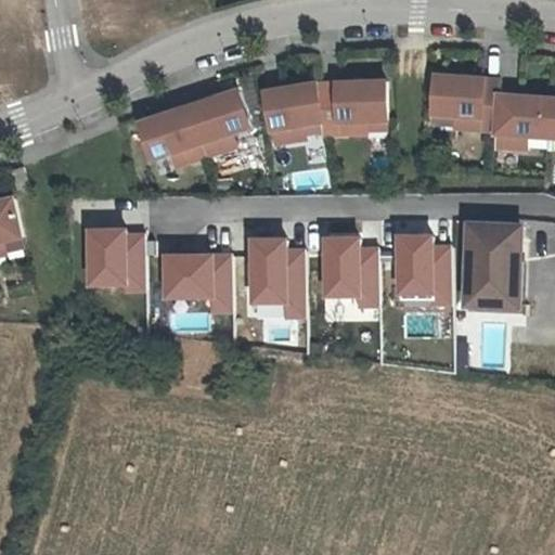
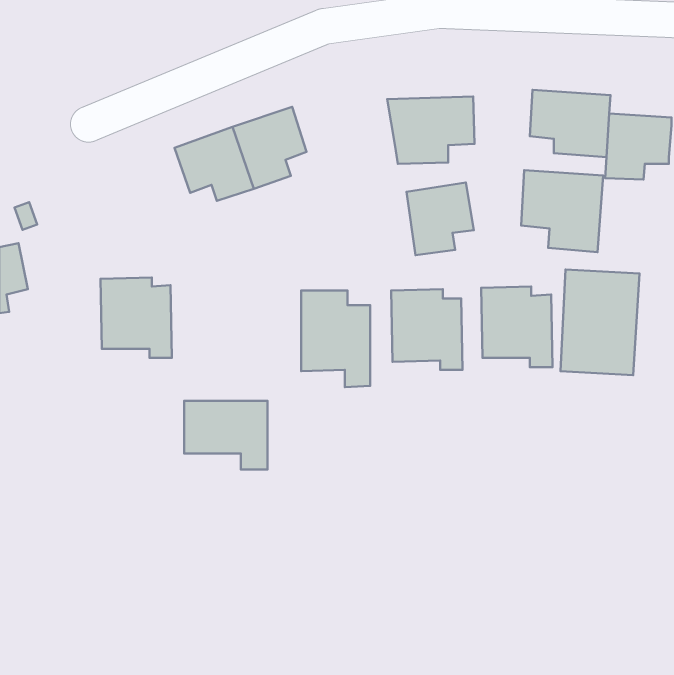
building: [269,81,324,141] -> [406,183,474,255]
building: none -> [521,170,603,252]
building: [163,255,231,311] -> [184,401,267,469]

